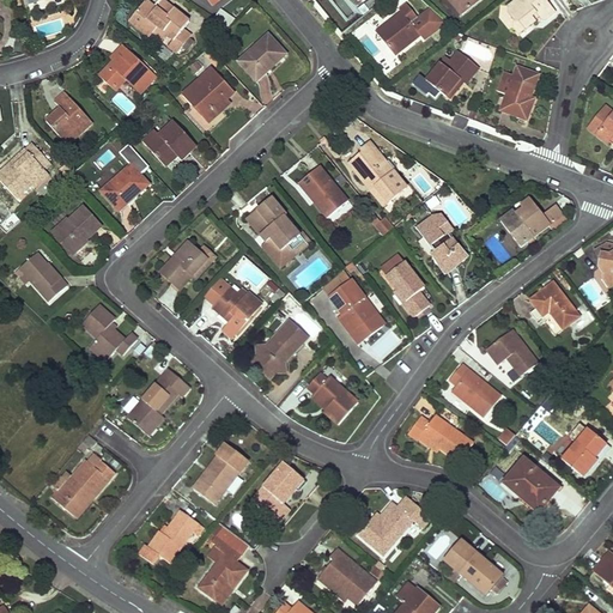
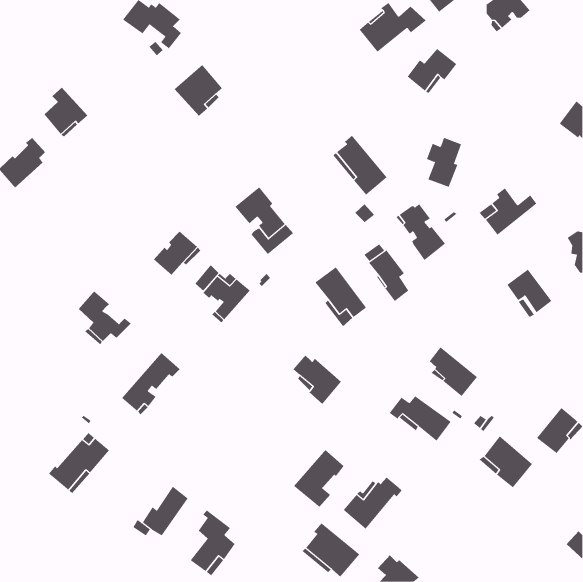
building: [238,34,285,80] -> none
building: [98,44,154,93] -> none
building: [499,68,536,121] -> [426,137,462,188]
building: [141,120,196,165] -> none
building: [102,164,147,210] -> none
building: [298,165,347,218] -> none
building: [54,206,101,253] -> none
building: [19,253,67,301] -> none
building: [251,320,308,377] -> none
building: [486,329,536,375] -> none
building: [193,443,248,504] -> none
building: [251,462,305,523] -> [293,449,344,507]
building: [444,540,508,595] -> none

